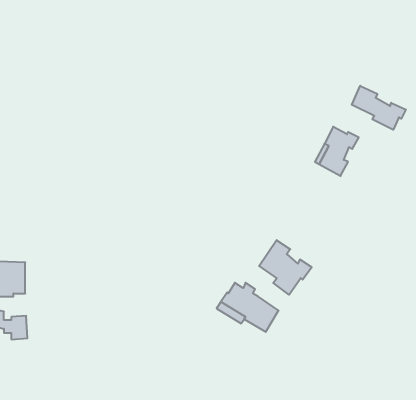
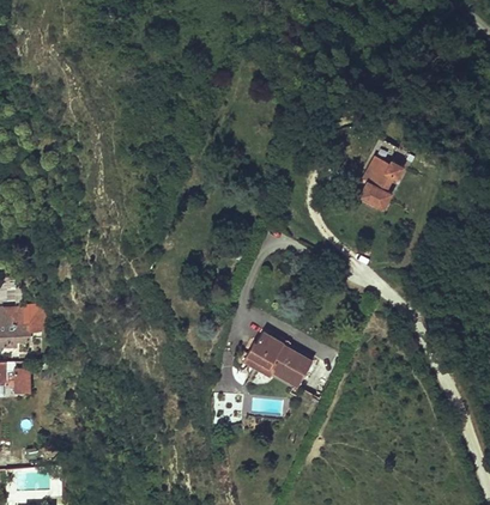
building: [352,86,406,130] -> none
building: [259,240,312,295] -> none

